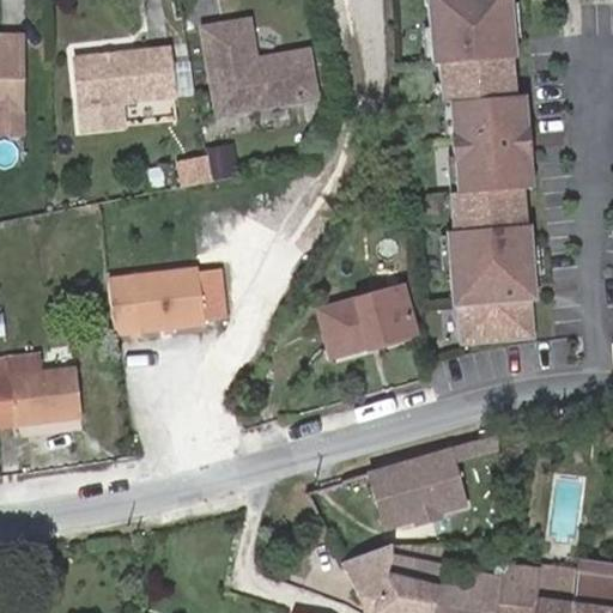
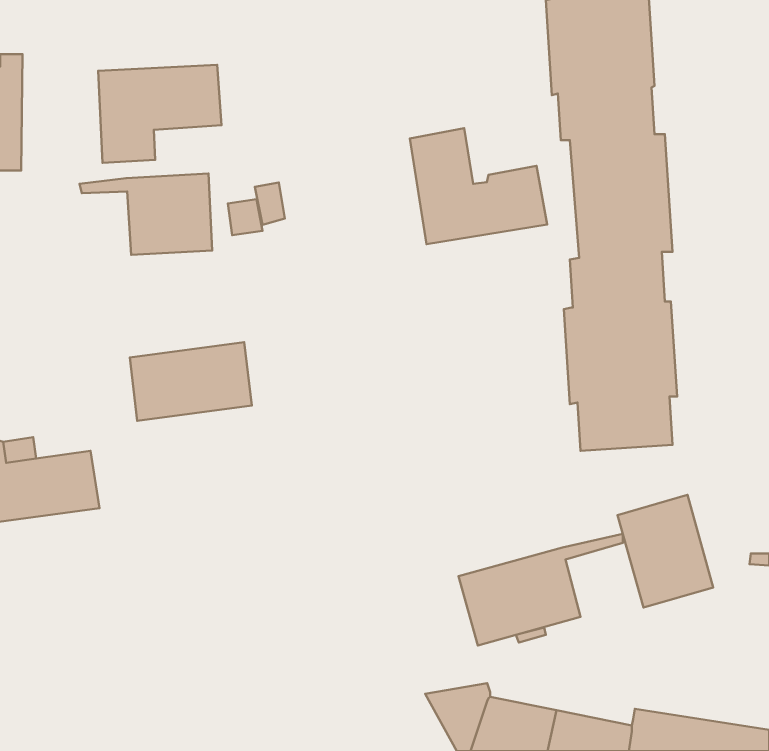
building: [206,24,315,116] -> [410,128,547,244]
building: none -> [79,173,212,255]
building: [194,269,225,322] -> none
building: [320,289,413,357] -> none
building: none -> [618,495,713,608]

